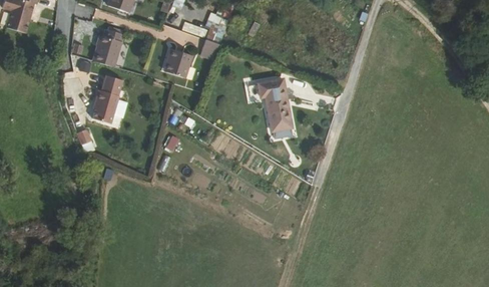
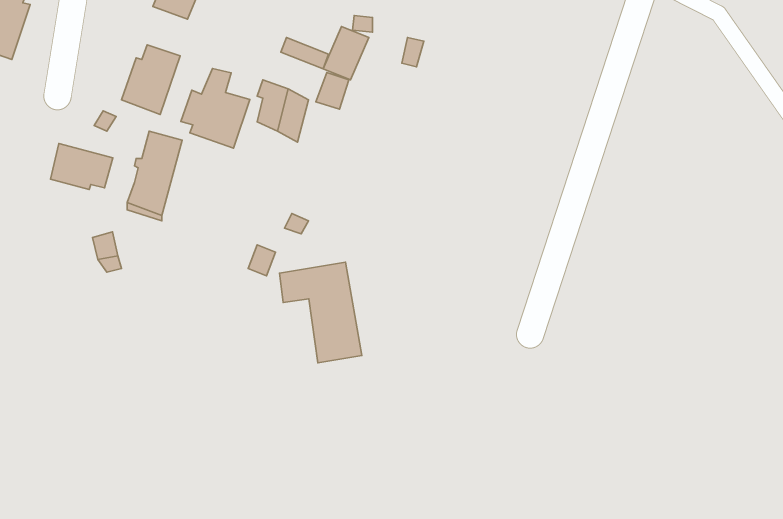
building: none -> [181,68,250,148]
building: [247,76,292,131] -> [279,262,362,363]
building: none -> [51,143,113,189]

